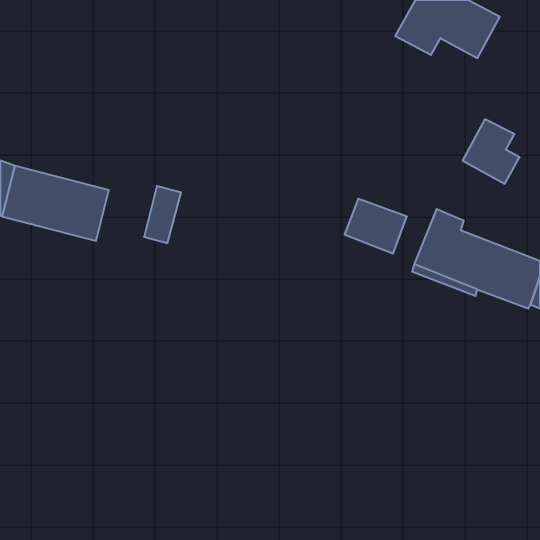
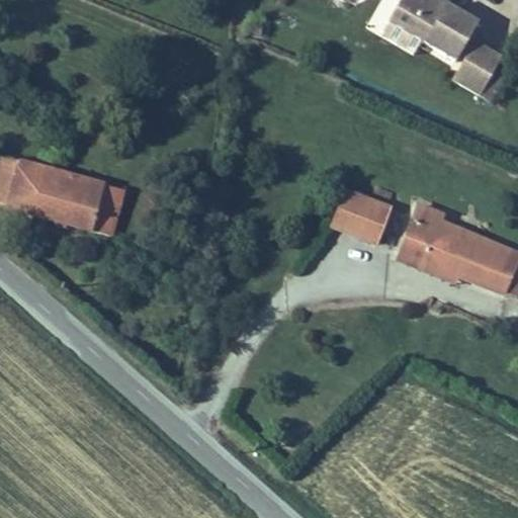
building: [463,119,520,184] -> [452,39,507,101]
building: [144,186,181,243] -> [92,182,127,237]

